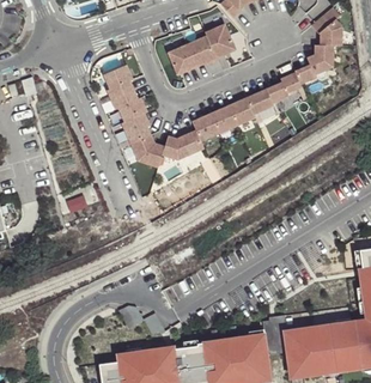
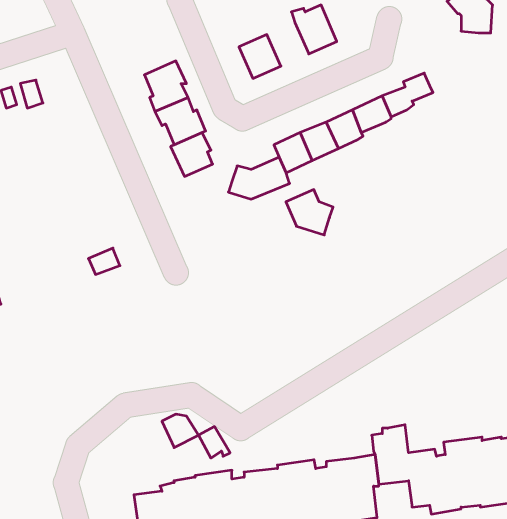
building: [188,38,218,68] -> none
building: [296,44,333,84] -> none
building: [132,135,164,166] -> [286,190,333,235]

